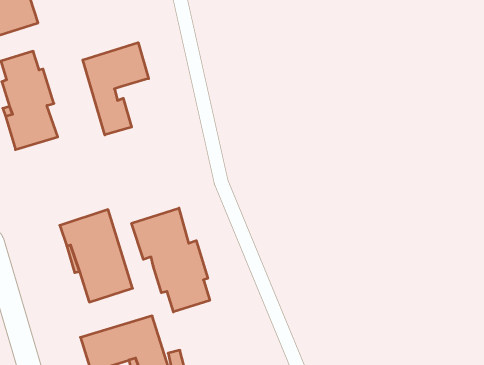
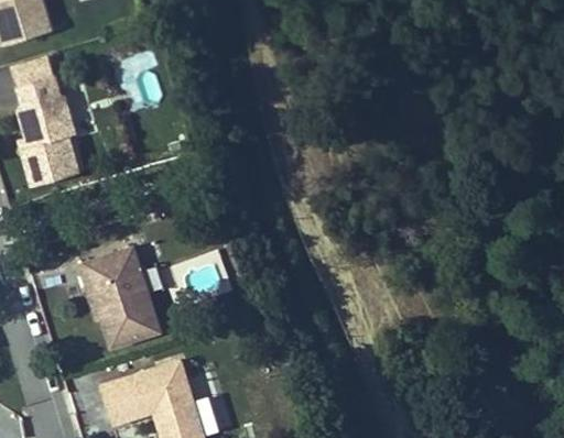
building: [83,43,149,135] -> none
building: [132,208,210,312] -> none

